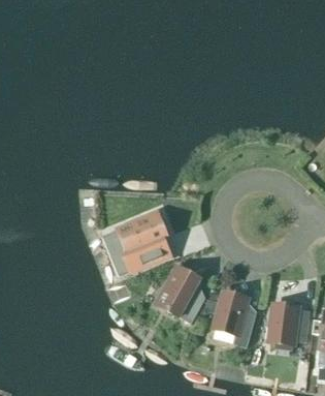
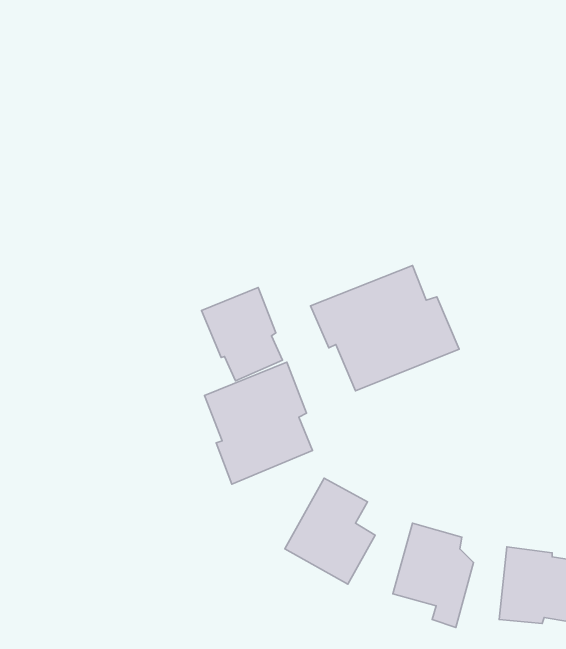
building: none -> [310,266,459,391]
building: none -> [201,288,283,381]

